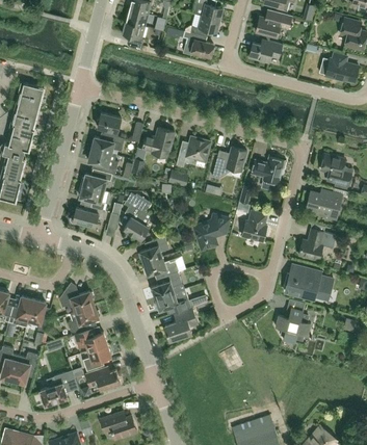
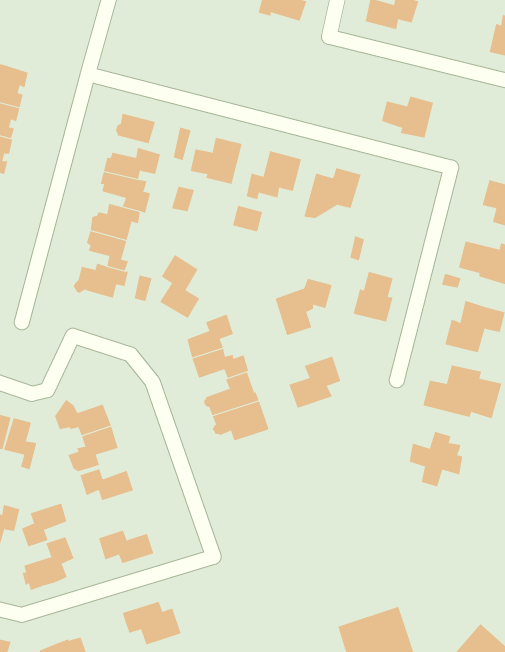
building: [252,157,284,183] -> [381,96,434,138]
building: [165,308,198,340] -> [289,356,341,408]
building: [83,344,111,371] -> [21,503,67,547]

